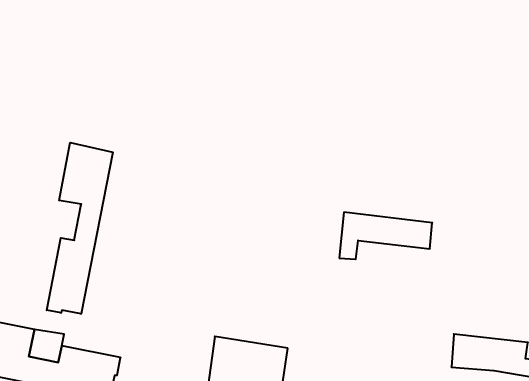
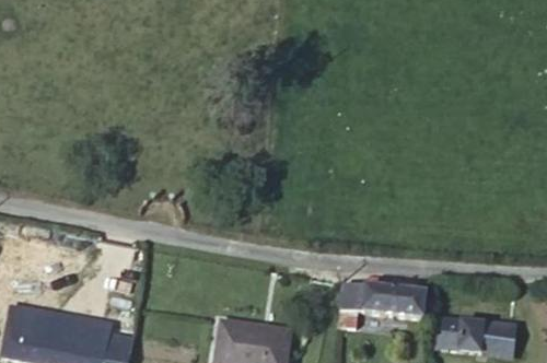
building: [47,143,113,314] -> none
building: [339,212,432,259] -> [339,283,426,327]

